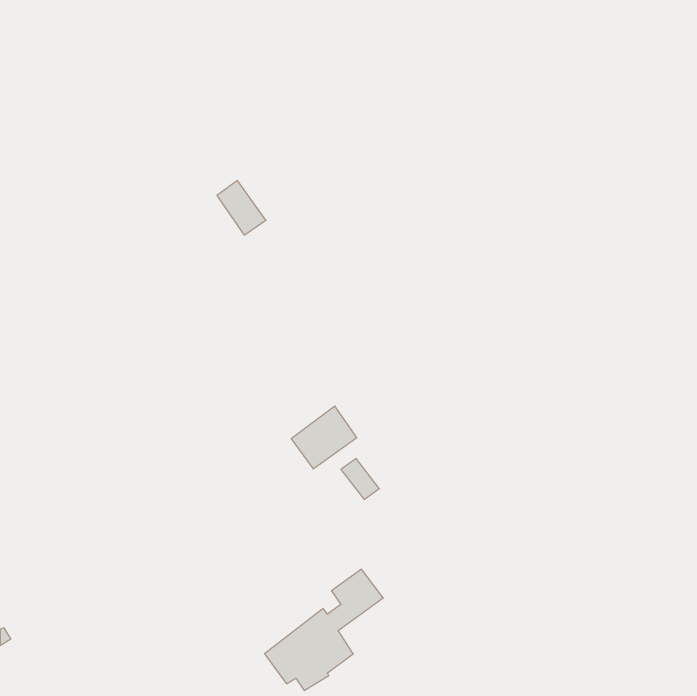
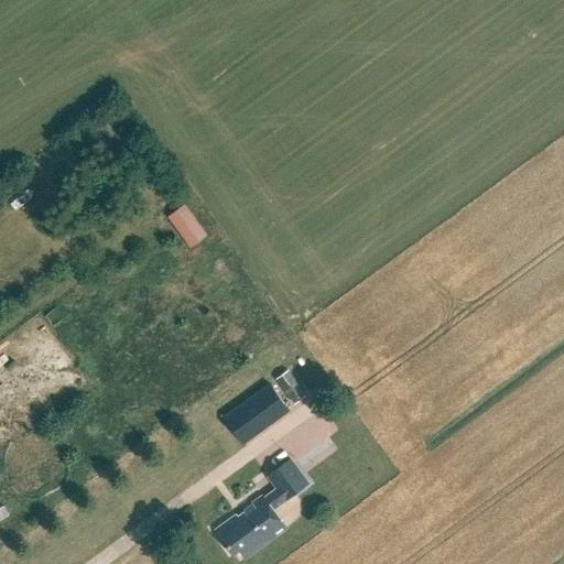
building: [217,181,266,235] -> [167,205,207,249]
building: [291,406,357,469] -> [237,384,290,435]

